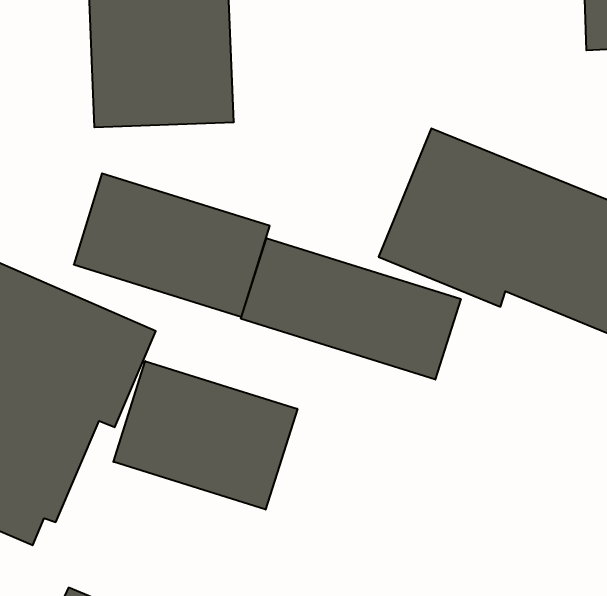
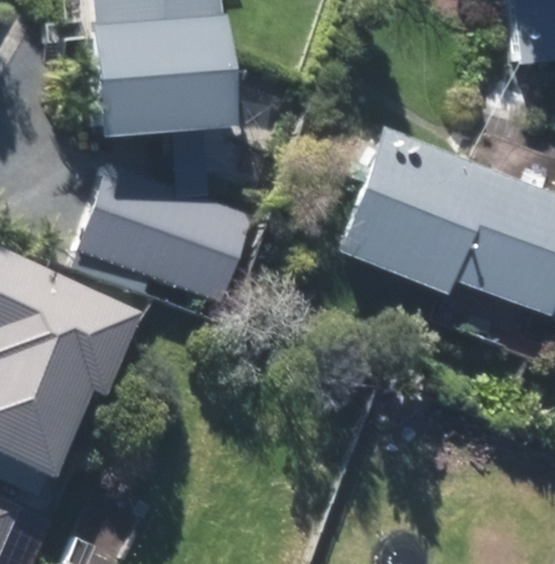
building: [241,238,461,380] -> none
building: [113,361,297,510] -> none

